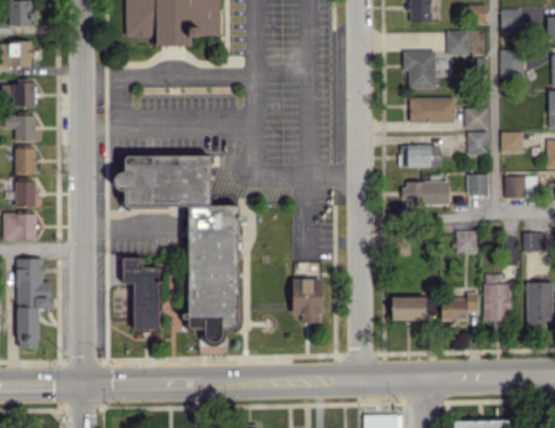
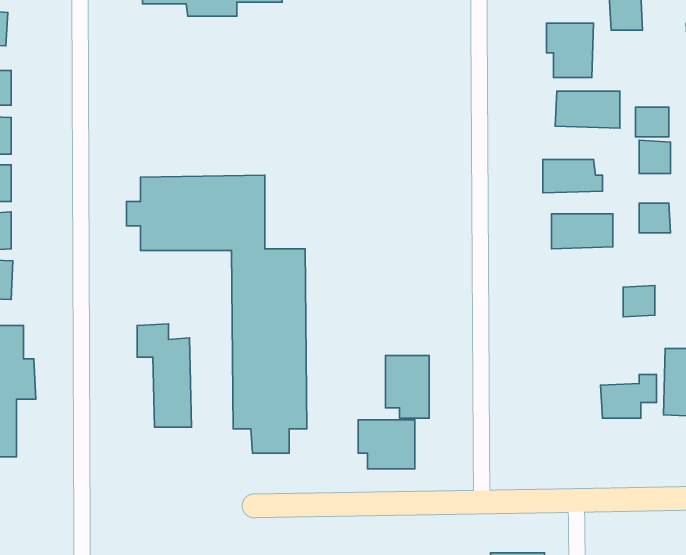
building: [393,296,426,320] -> none
building: none -> [358,420,415,469]

